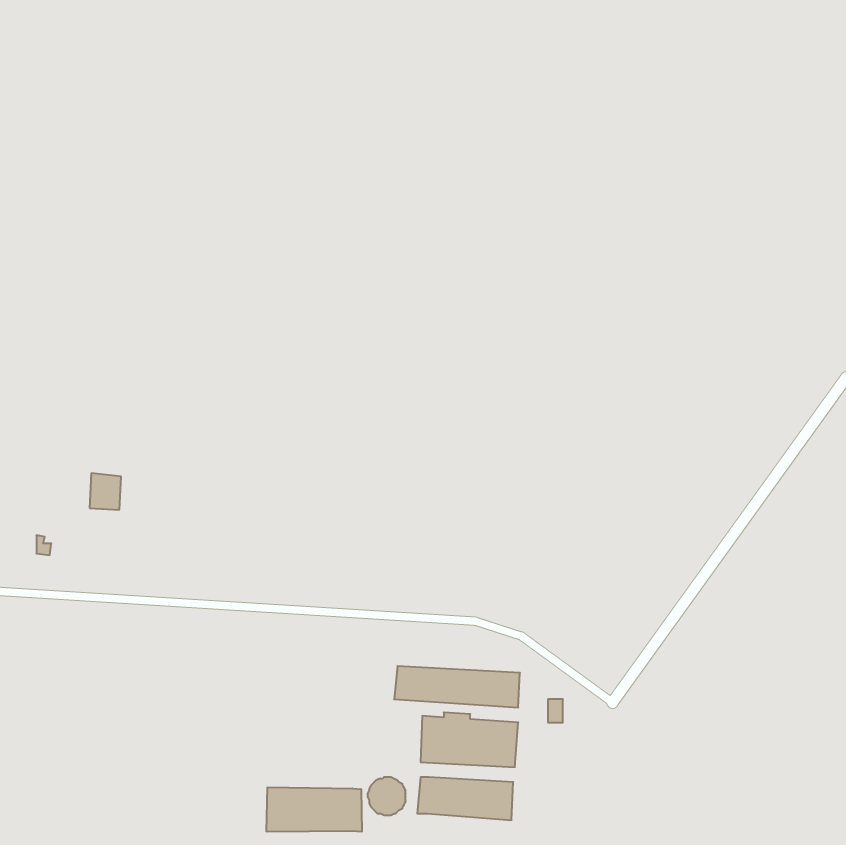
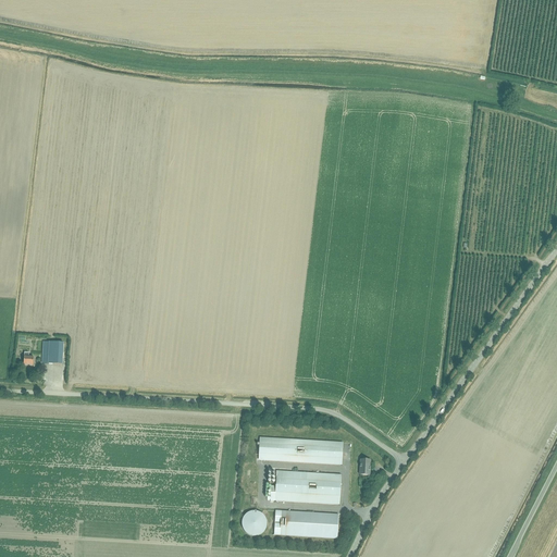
building: [90,473,121,510] -> [42,341,63,364]
building: [267,787,362,832] -> none

